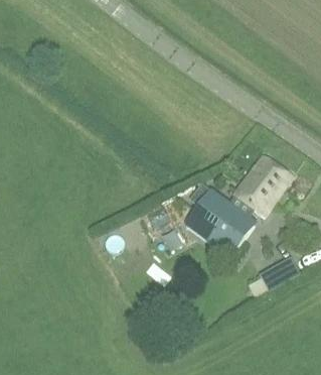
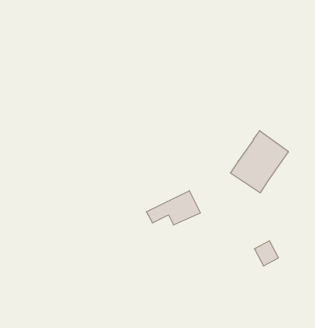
building: [198,187,256,252] -> none

